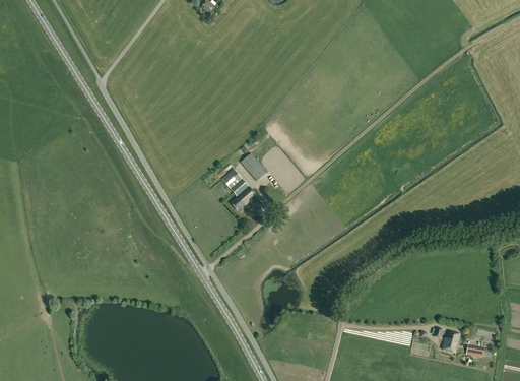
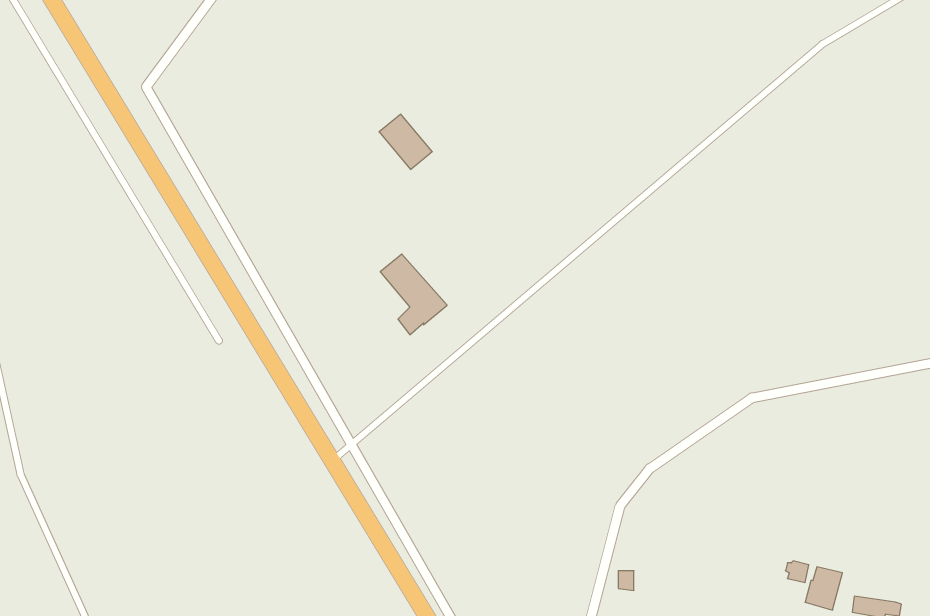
building: [241,152,268,181] -> [379,114,432,169]

